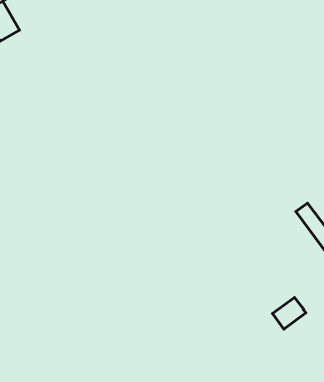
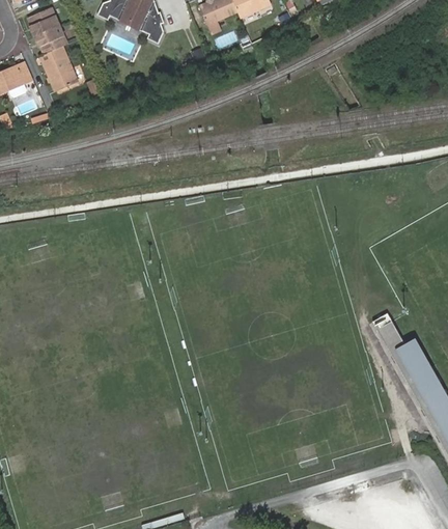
building: [272,297,306,329] -> none

